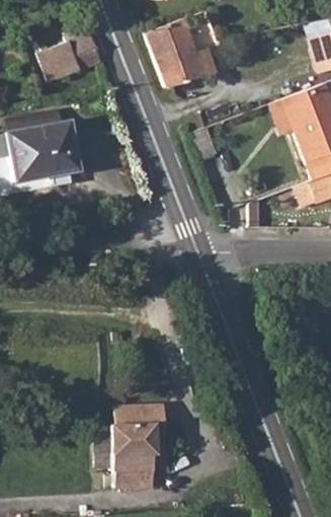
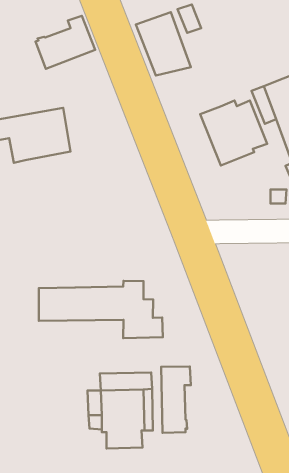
building: none -> [200,100,267,166]
building: none -> [39,281,163,338]
building: none -> [161,366,191,433]

